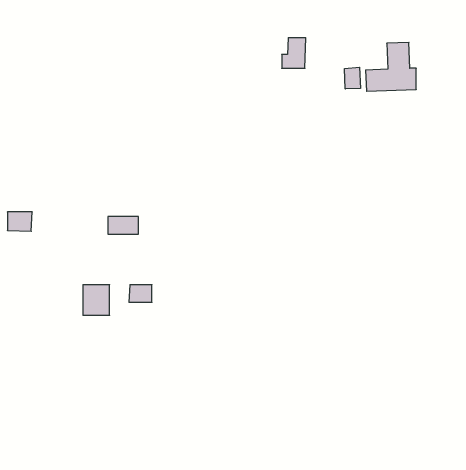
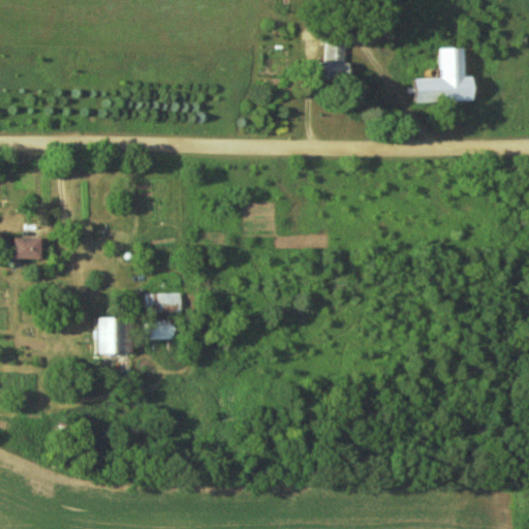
building: [345,67,360,89] -> none
building: [108,217,138,234] -> [150,292,184,312]

